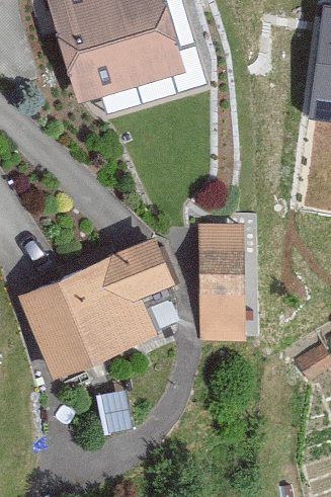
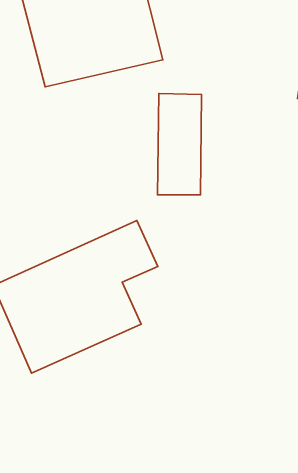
building: [203,225,246,323] -> [158,93,201,195]

